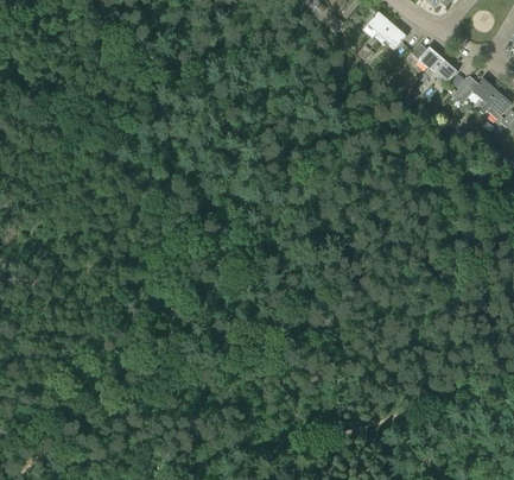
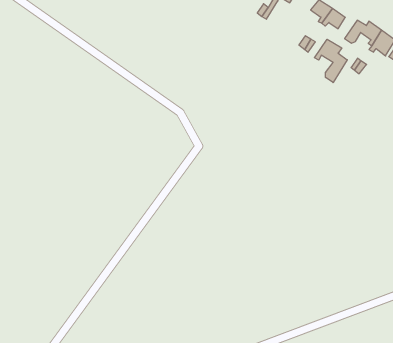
building: none -> [314,39,347,83]

